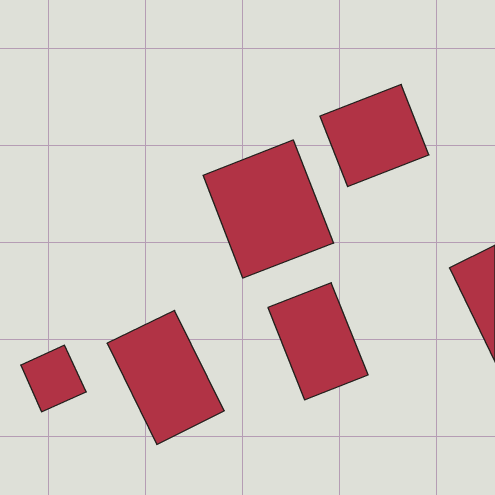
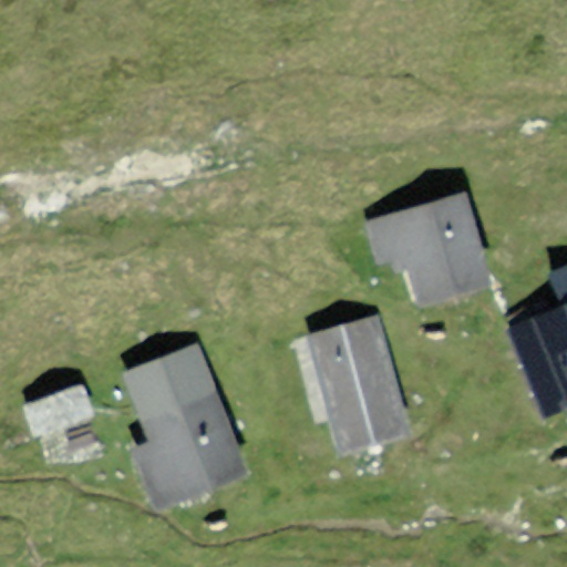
building: [320,84,429,187] -> [381,188,503,302]
building: [203,140,334,278] -> none

